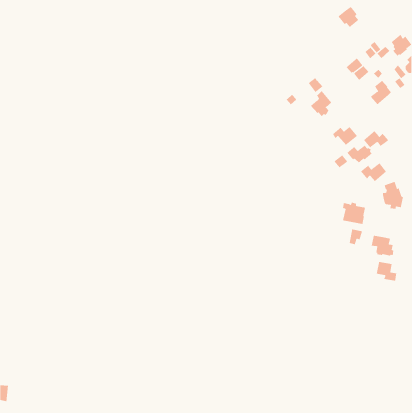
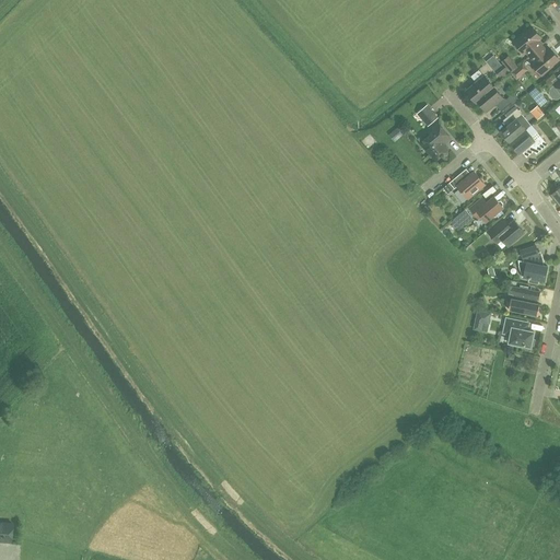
building: [337,6,359,28] -> [513,27,542,57]
building: [363,131,389,148] -> [511,129,546,153]
building: [342,202,366,224] -> [508,284,539,315]
building: [376,261,397,281] -> none

